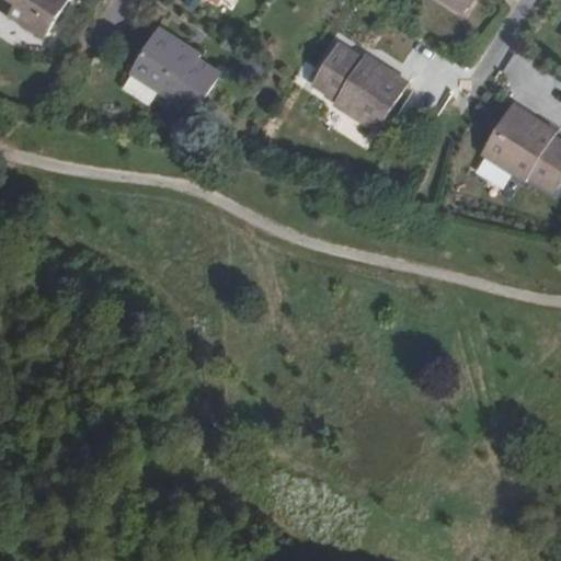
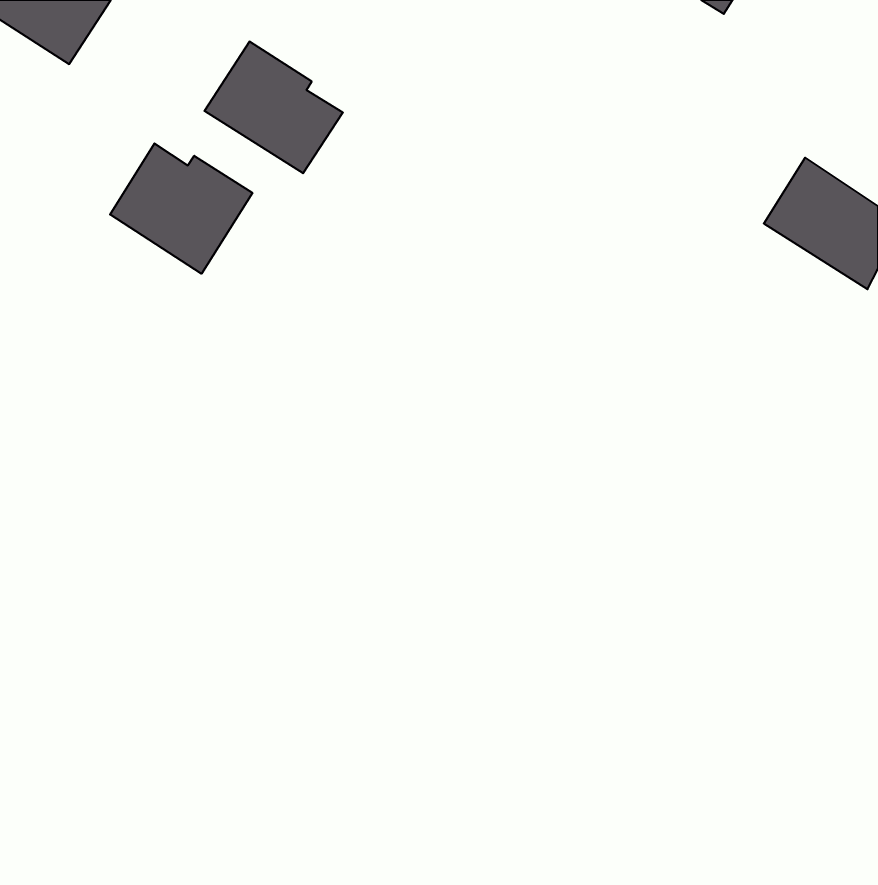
building: [313,44,405,128] -> none
building: none -> [110,143,252,274]

